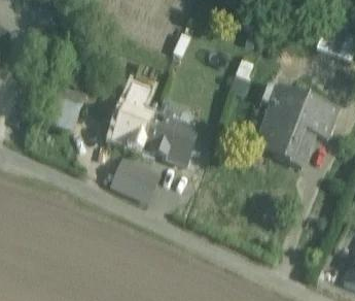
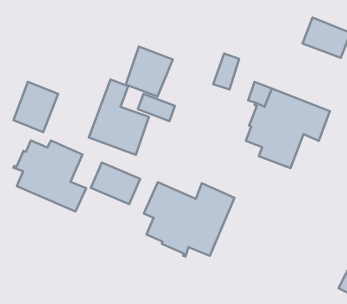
building: [154,115,199,163] -> [126,46,173,97]
building: none -> [14,140,86,211]
building: none -> [144,182,235,257]

